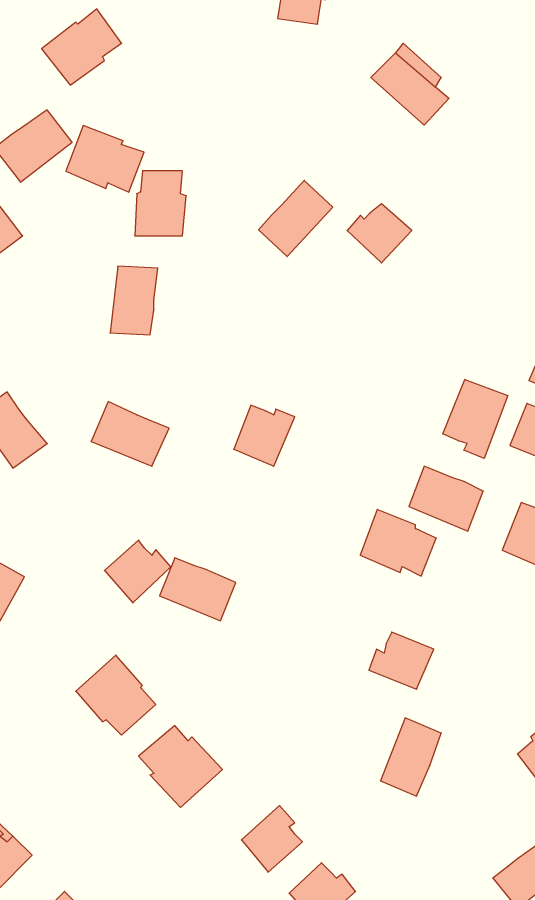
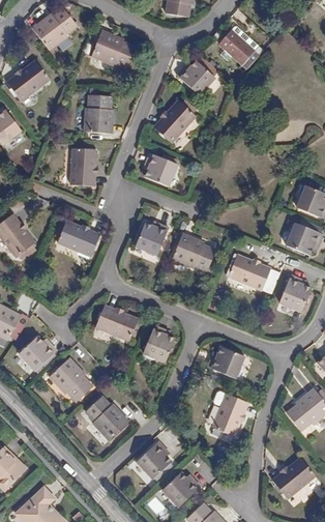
building: [66,126,144,192] -> [90,30,132,66]
building: [347,204,412,263] -> [173,62,208,94]
building: none -> [139,153,170,184]
building: [443,379,508,458] -> none
building: [360,509,436,576] -> [175,235,216,271]
building: [104,540,171,603] -> [21,336,57,370]
building: none -> [143,326,175,360]

